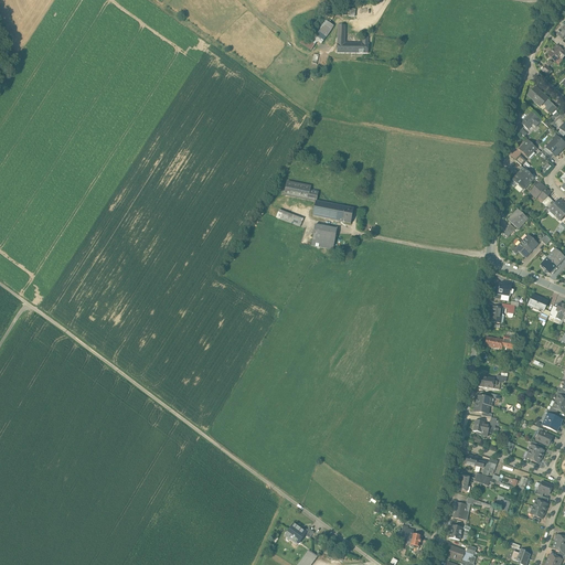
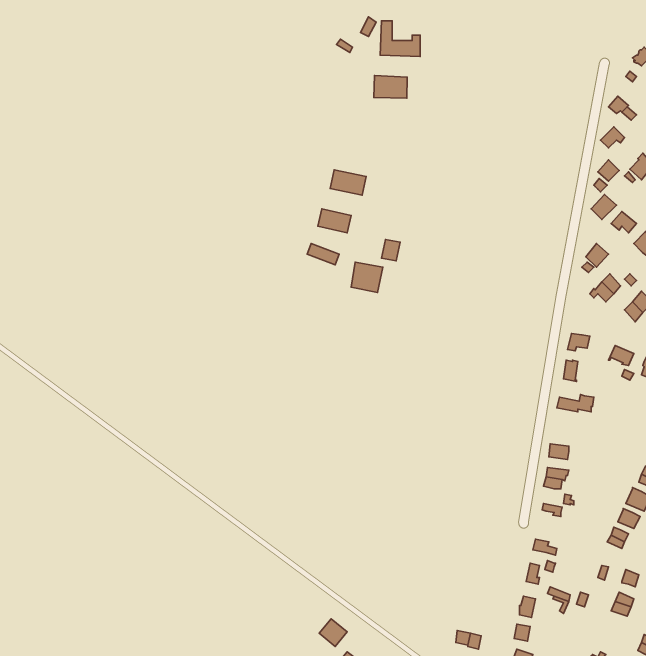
building: none -> [374,76,407,98]
building: [312,200,342,221] -> [330,170,366,195]

